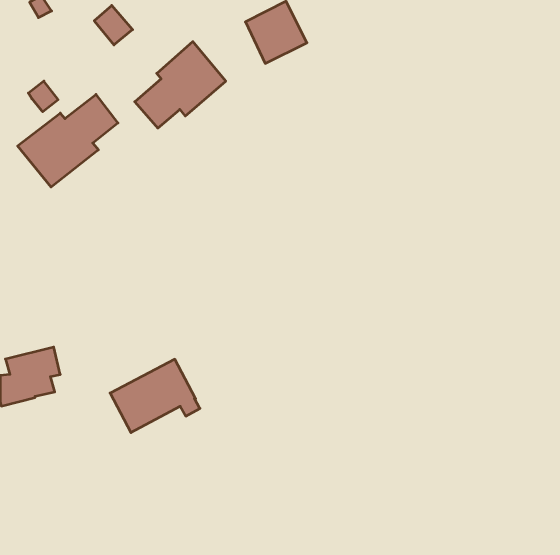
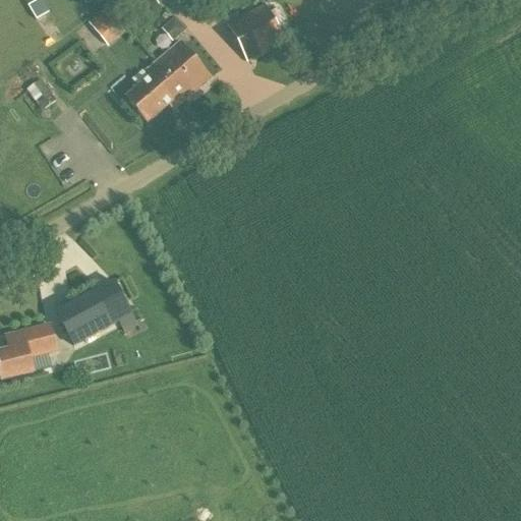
building: [18,94,118,187] -> none
building: [110,359,200,433] -> [54,277,137,345]

